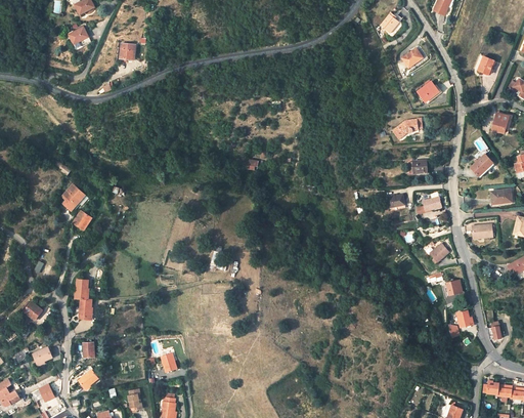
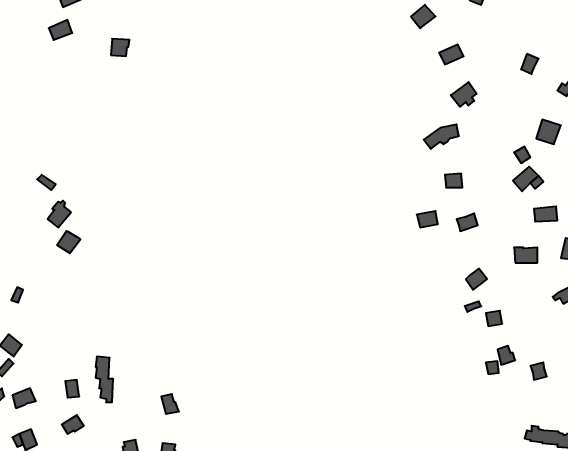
building: [77,280,92,320] -> [96,357,113,402]

